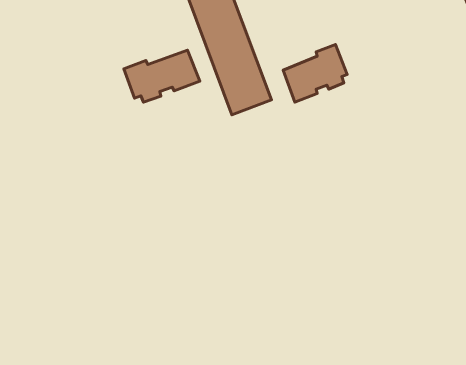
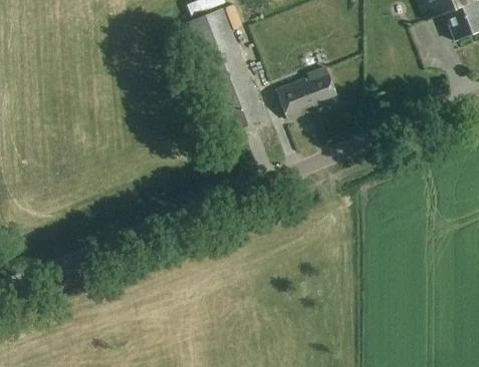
building: [124,50,200,102] -> none

